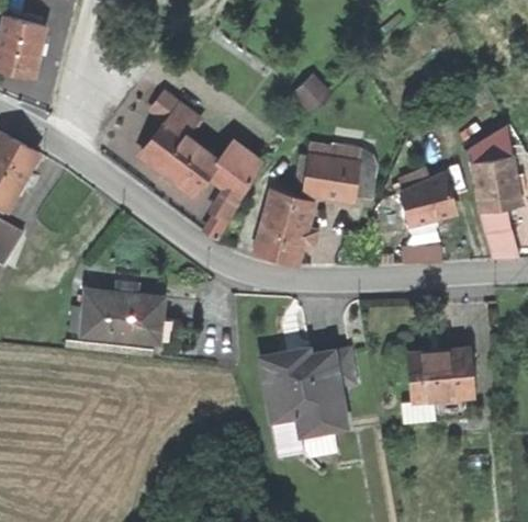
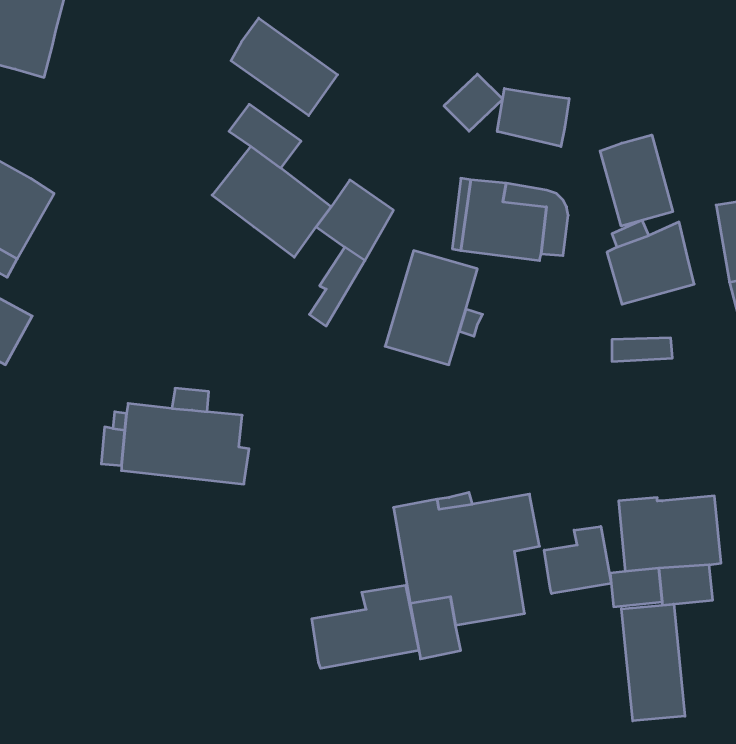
building: none -> [231,18,338,116]
building: none -> [497,88,569,147]
building: none -> [600,135,673,226]
building: none -> [544,526,611,594]
building: none -> [312,585,419,668]
building: none -> [621,604,685,721]

